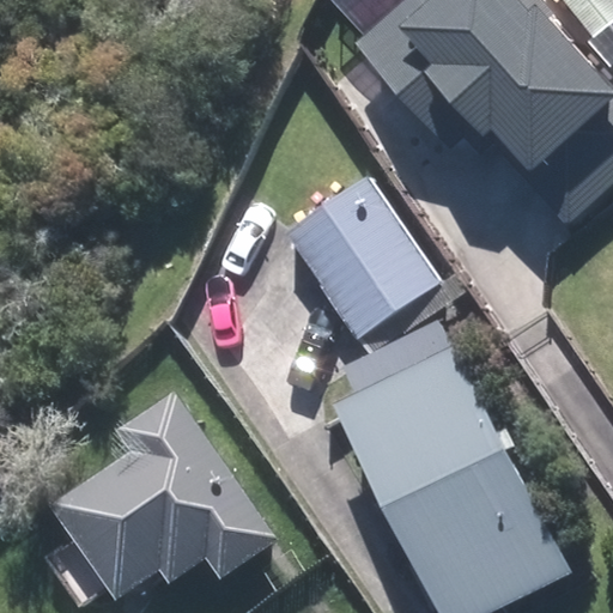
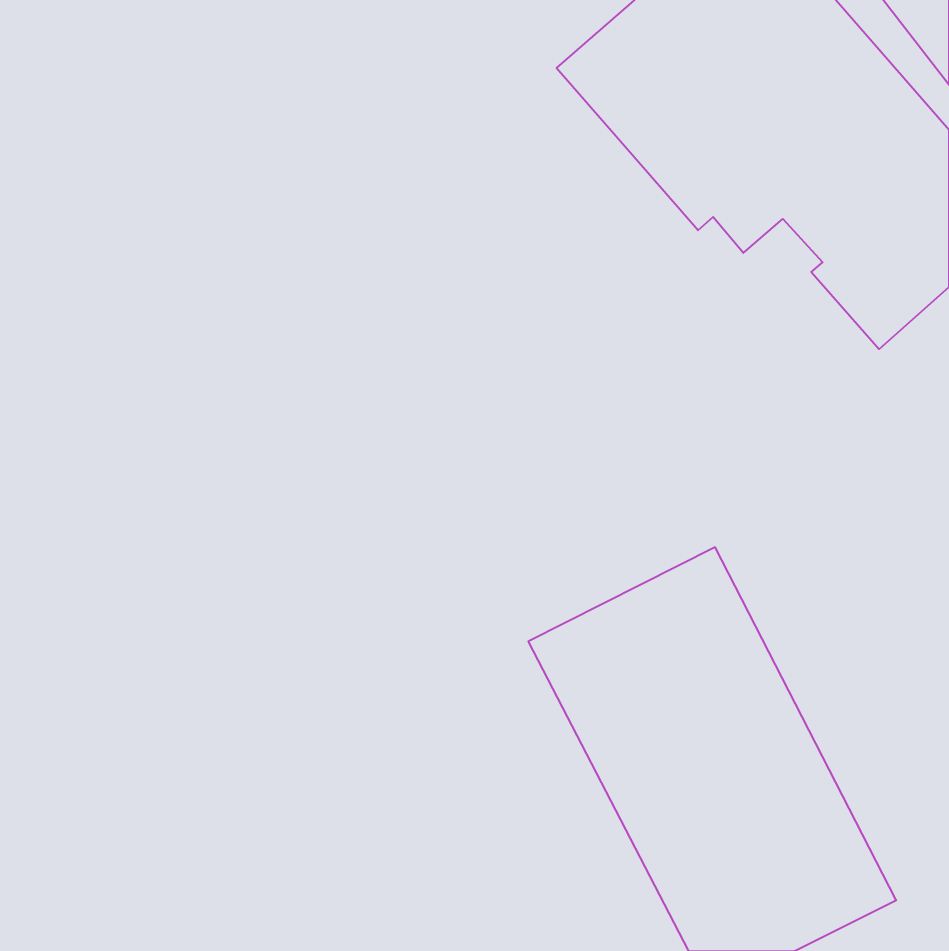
building: [286,176,436,332] -> none
building: [48,392,275,596] -> none

